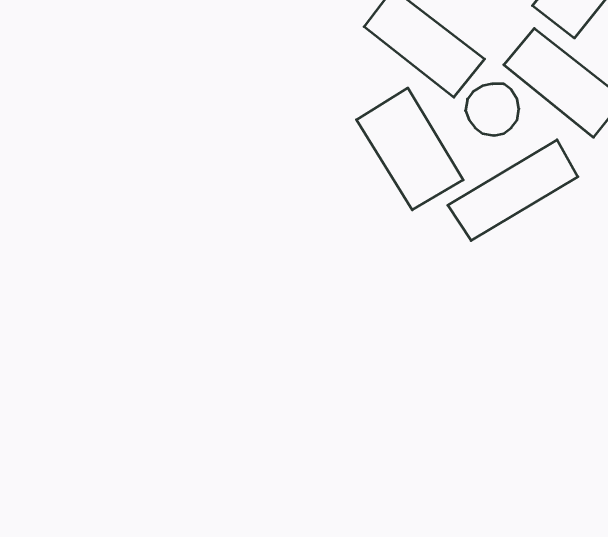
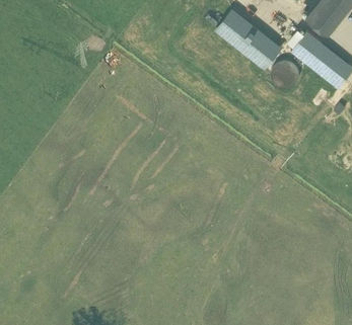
building: [356,88,463,210] -> none
building: [448,140,578,241] -> none

